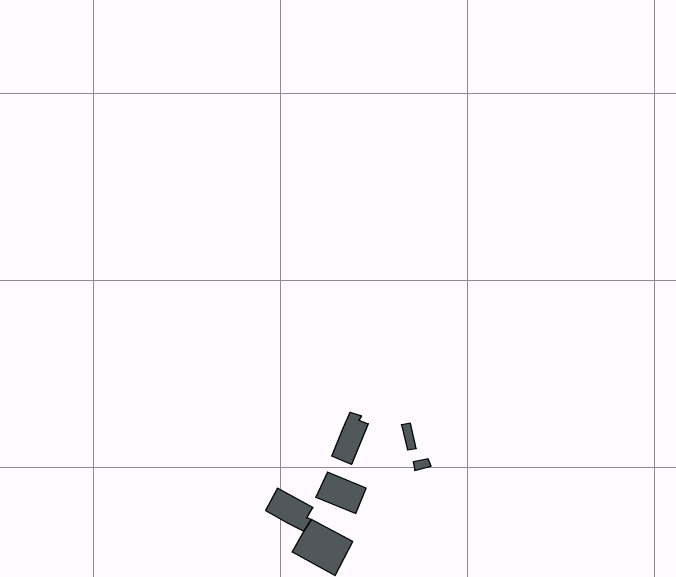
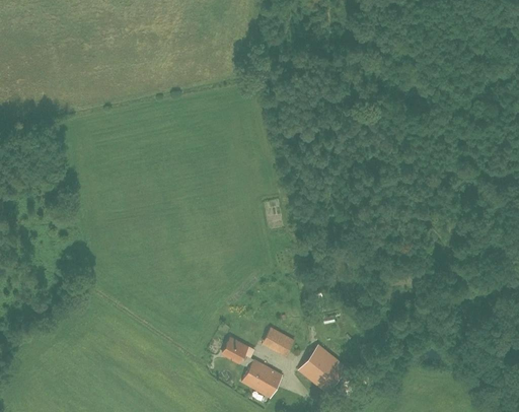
building: [332,412,368,464] -> none
building: none -> [298,345,346,393]

